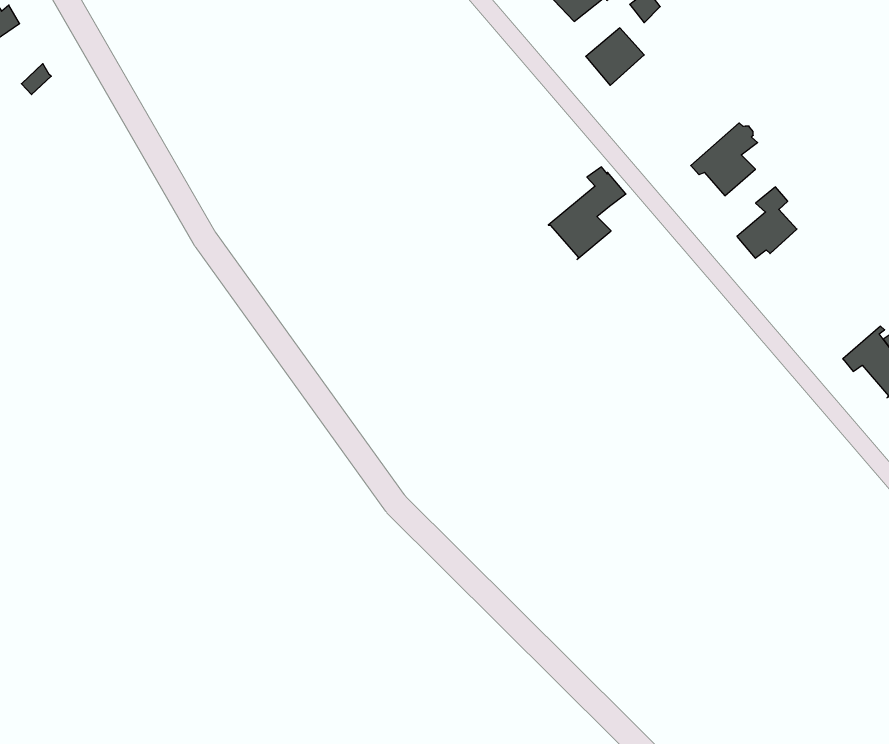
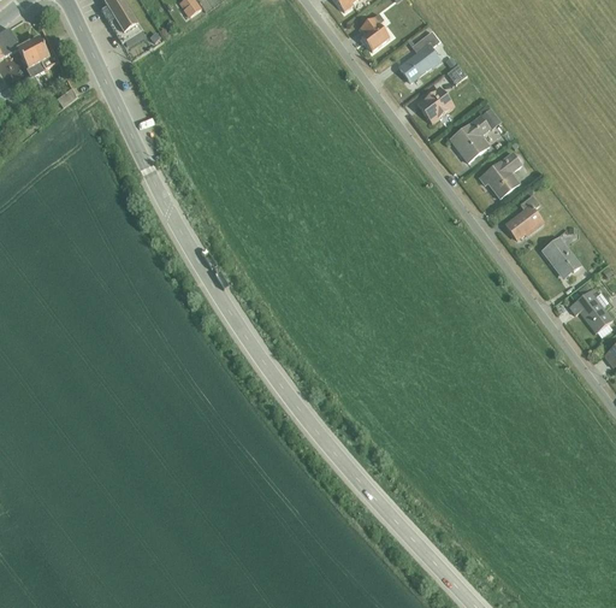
building: [548,167,626,259] -> [450,104,500,161]
building: none -> [541,236,580,276]

